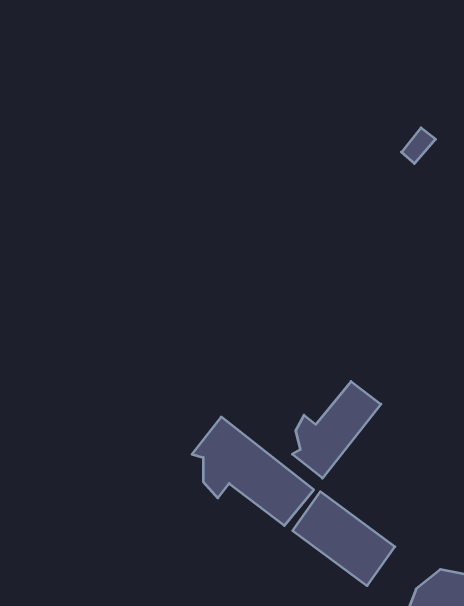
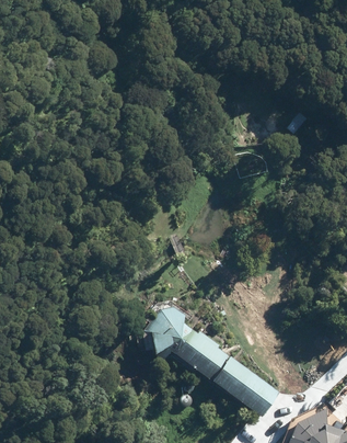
building: [292,381,381,478] -> none

